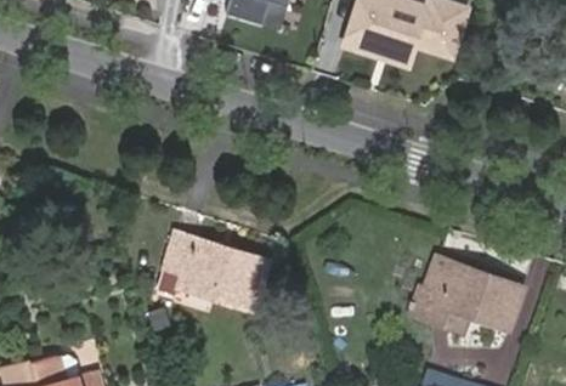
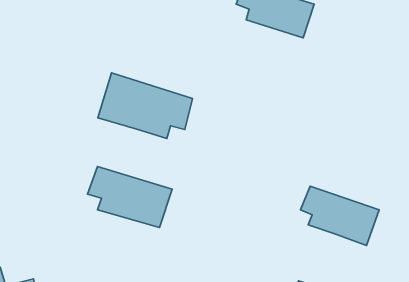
building: none -> [98,73,193,139]
building: [411,285,466,330] -> none

